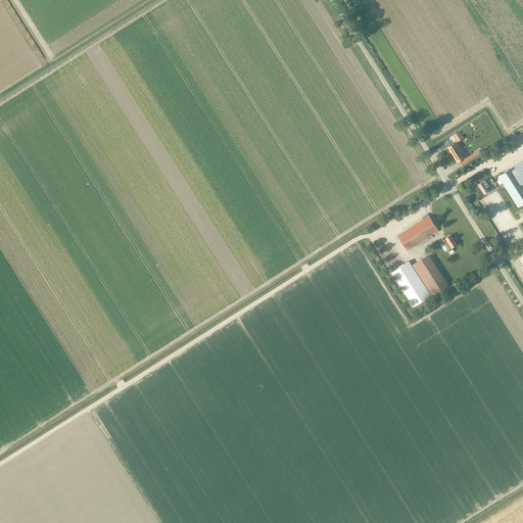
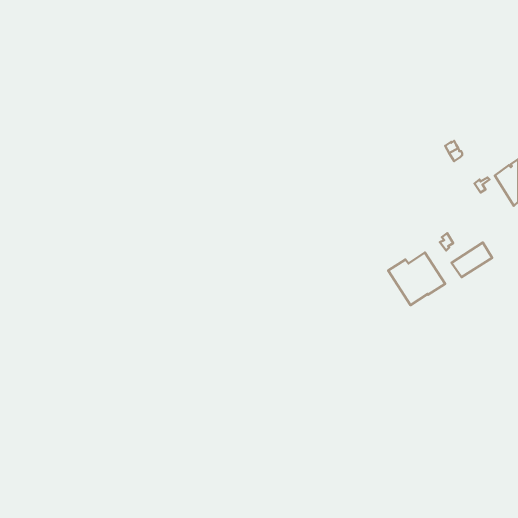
building: [397,216,438,250] -> [451,243,492,277]

